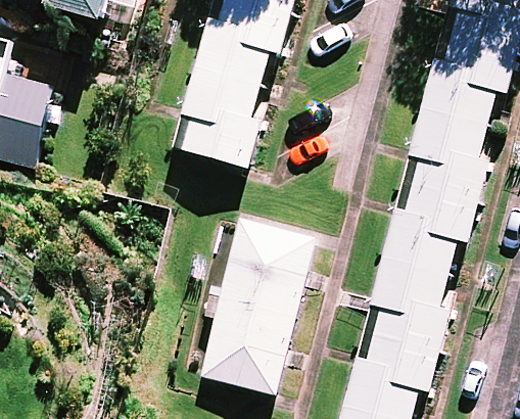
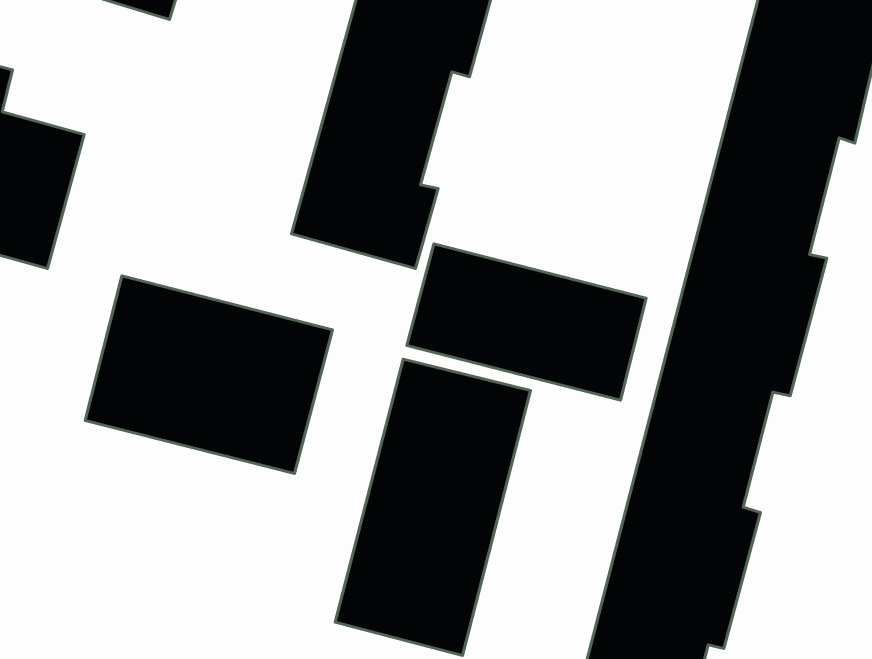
building: none -> [407,244,646,400]
building: none -> [85,276,333,474]

